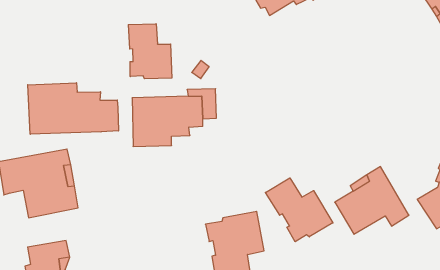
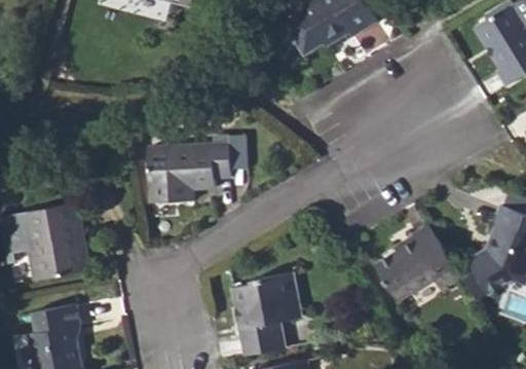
building: [128,24,172,79] -> none
building: [28,83,118,134] -> none
building: [265,178,333,242] -> none

